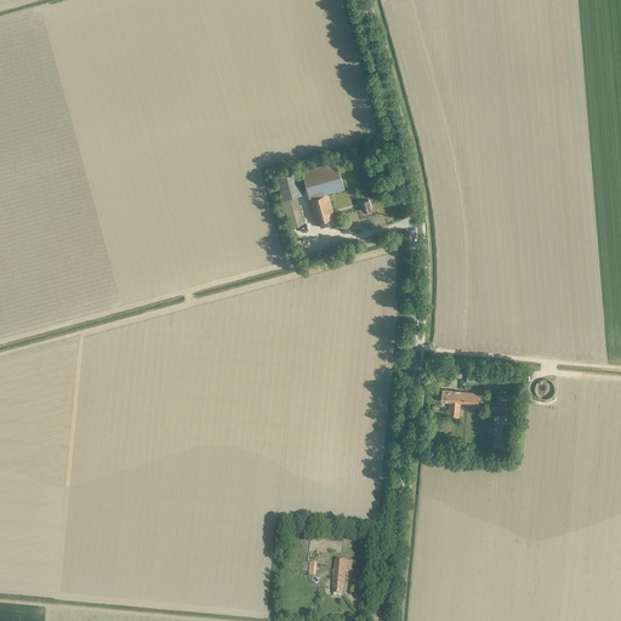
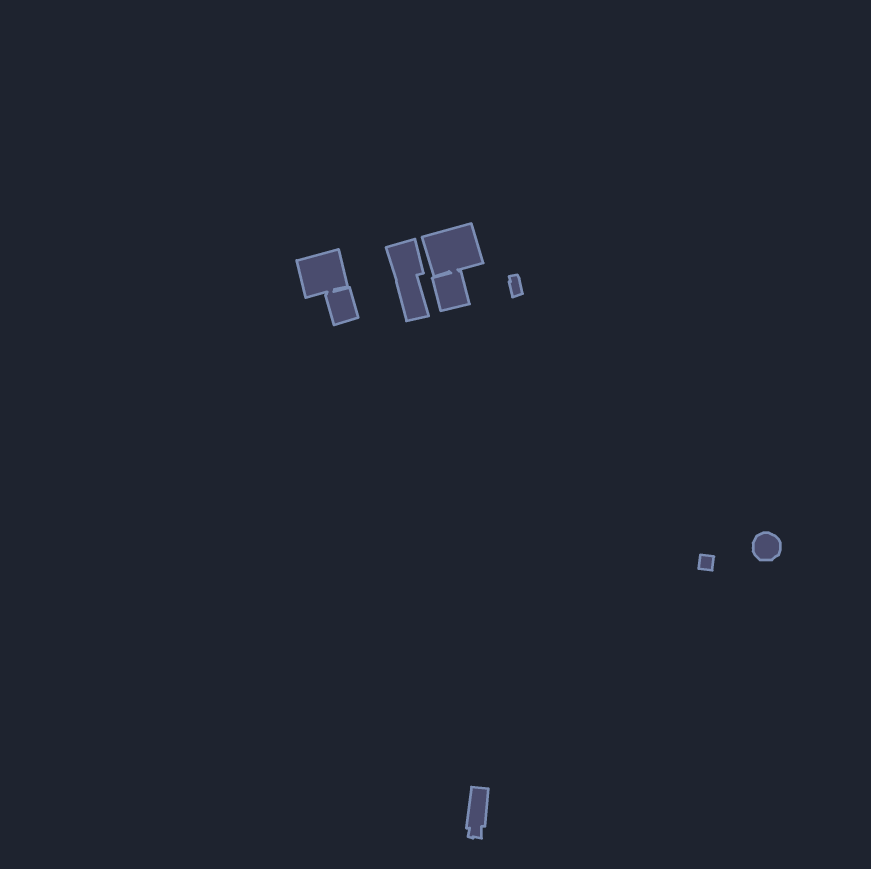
building: none -> [297,249,358,325]
building: [443,392,480,420] -> none

